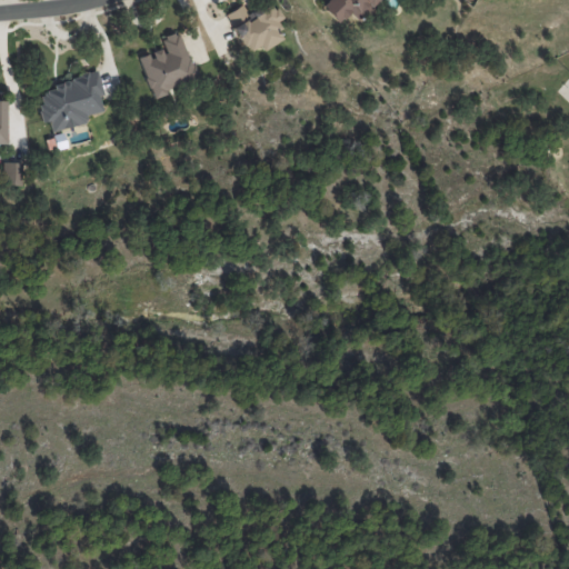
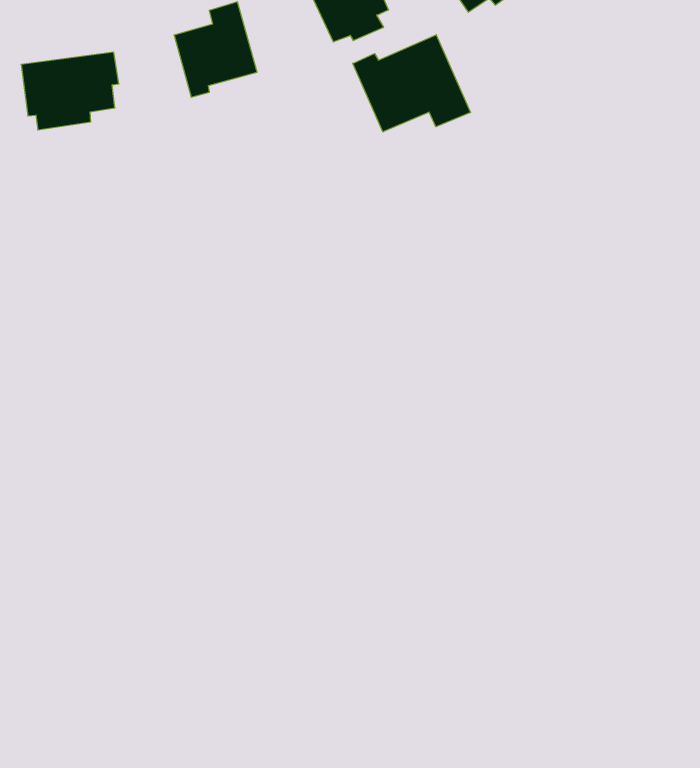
building: none -> [353,35,470,132]

